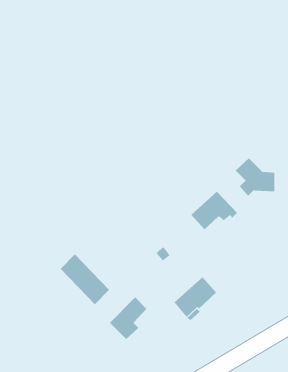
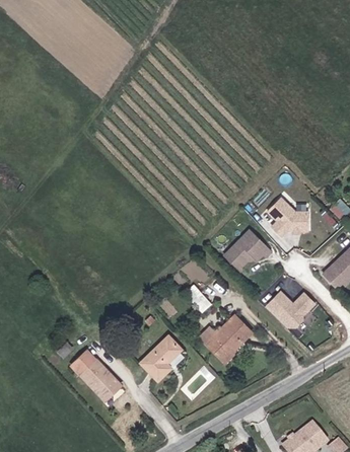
building: none -> [267,291,316,326]
building: [60,254,110,305] -> [72,348,123,399]

